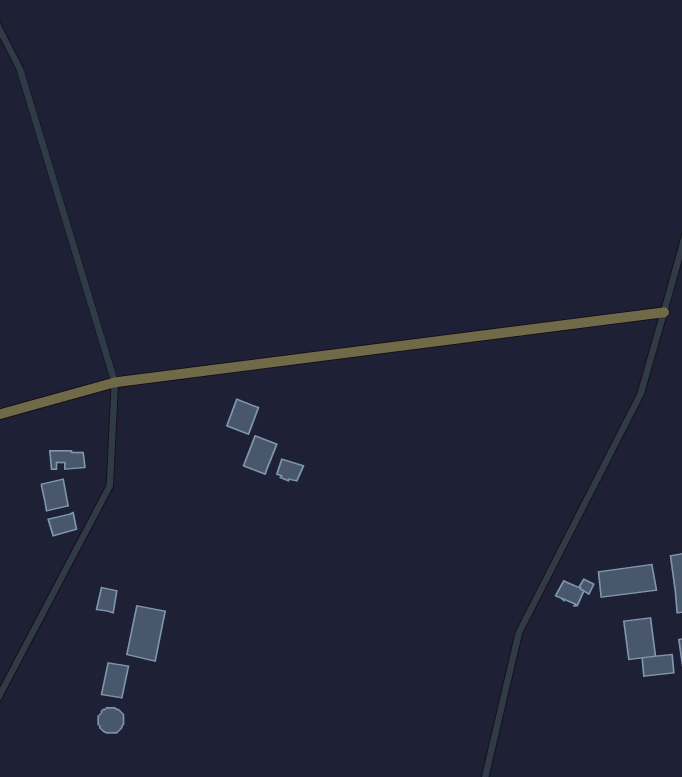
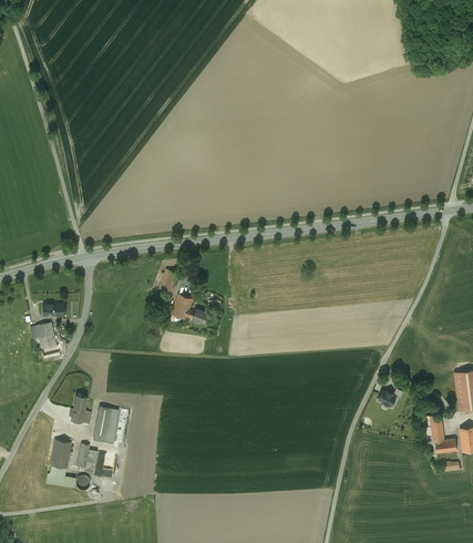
building: [599,564,656,597] -> none
building: none -> [50,440,71,468]

